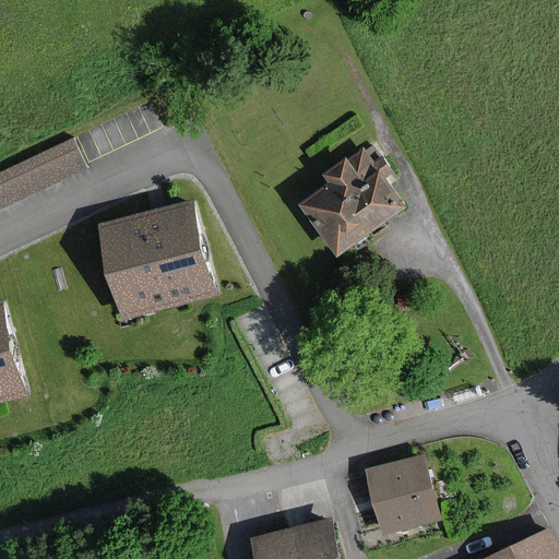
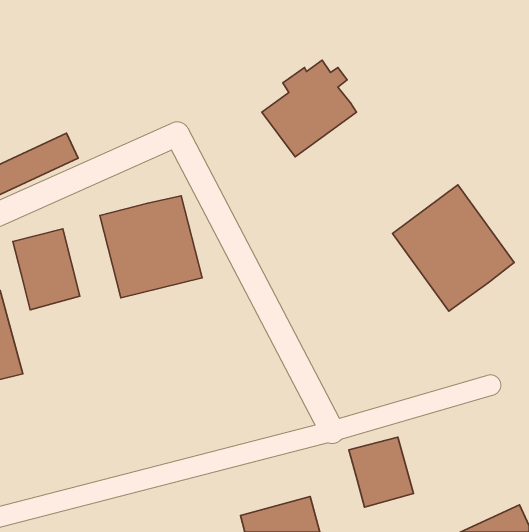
building: [299,151,399,252] -> [262,60,357,157]
building: none -> [392,185,514,311]
building: none -> [13,229,80,310]

